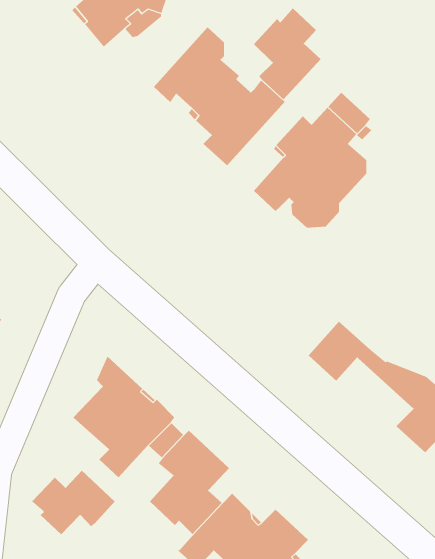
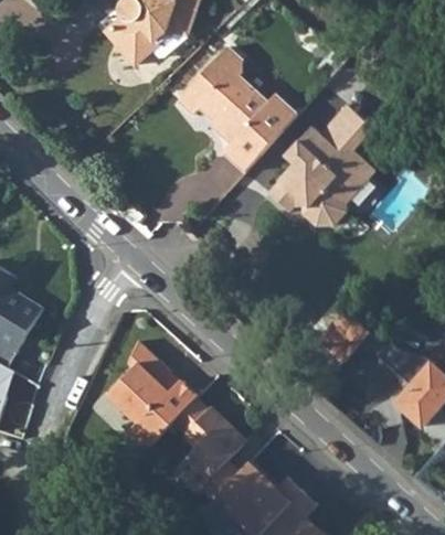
building: [253,7,321,100] -> none
building: [31,470,116,535] -> none

